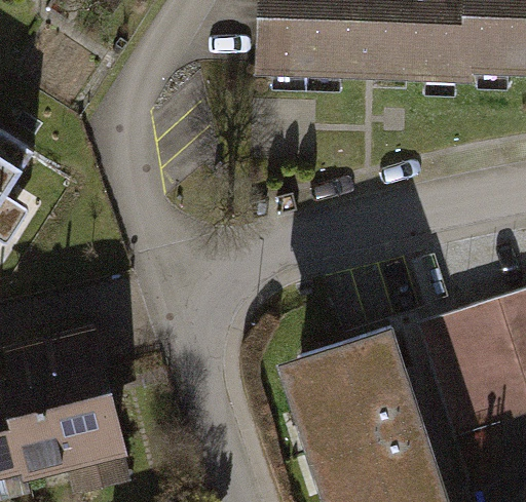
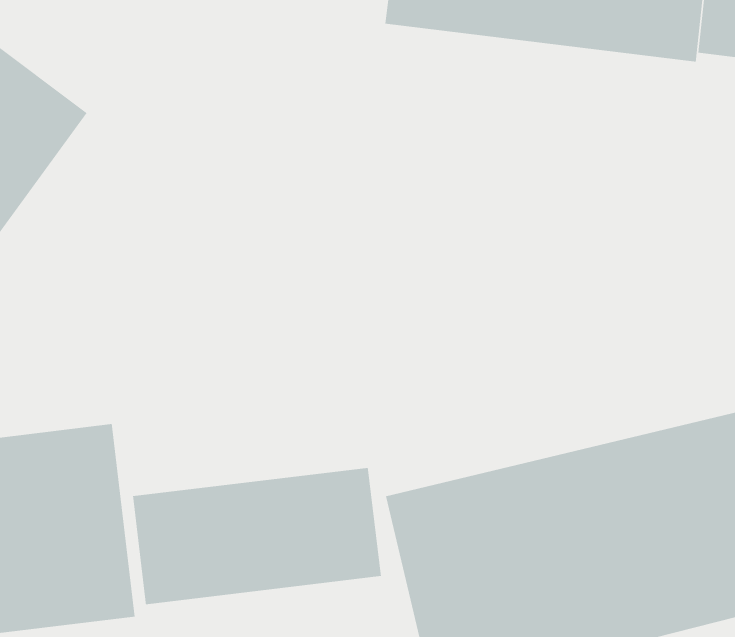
building: none -> [132,467,381,605]

